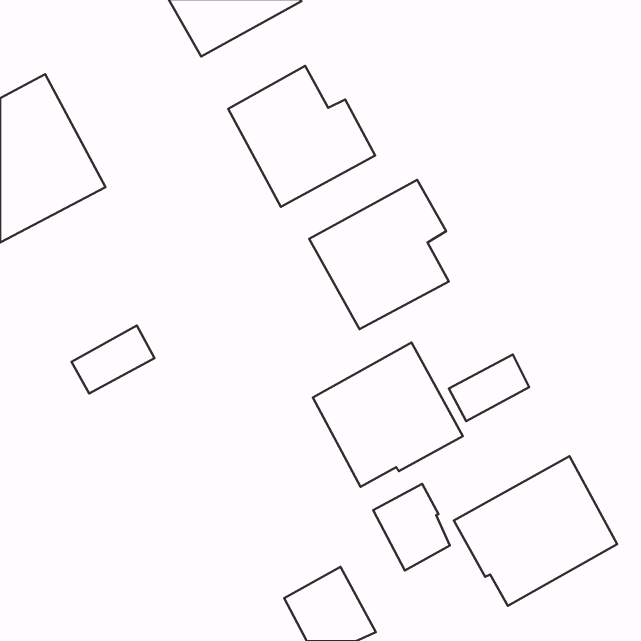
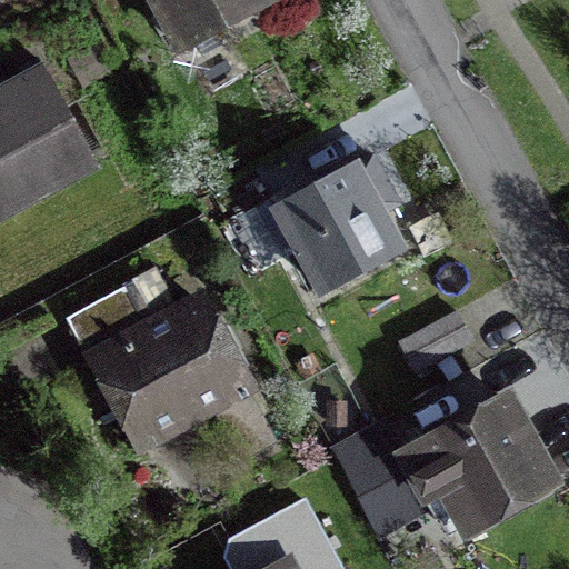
building: [228,66,375,207] -> none
building: [313,343,463,487] -> none
building: none -> [94,303,273,460]

